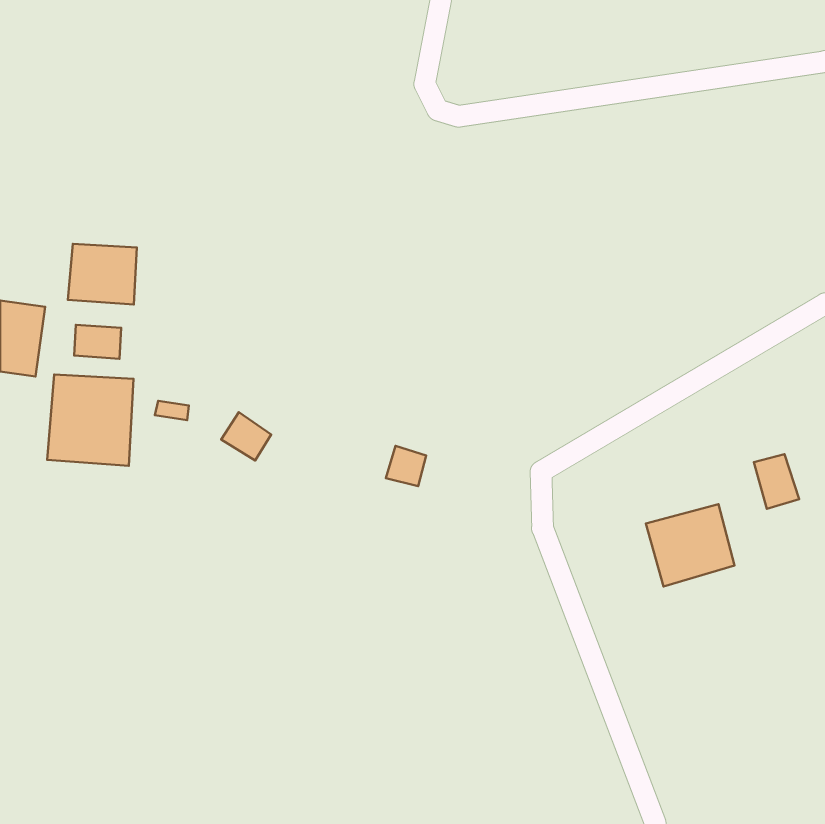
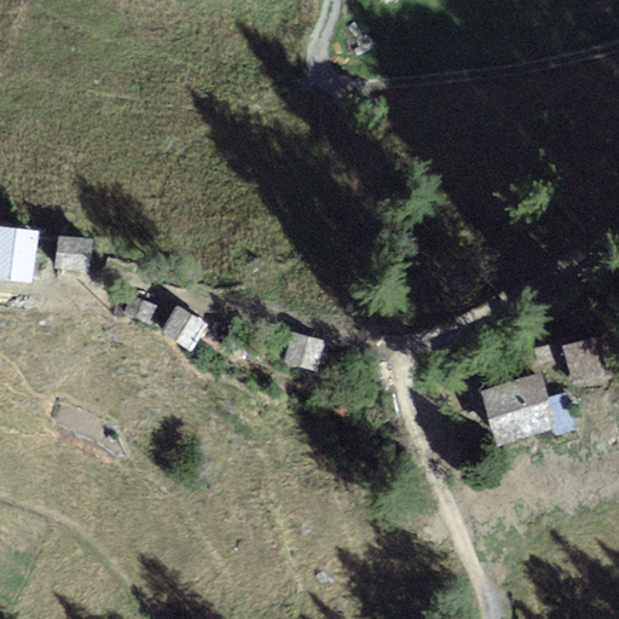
building: [68,244,137,304] -> none
building: [47,375,134,466] -> none

